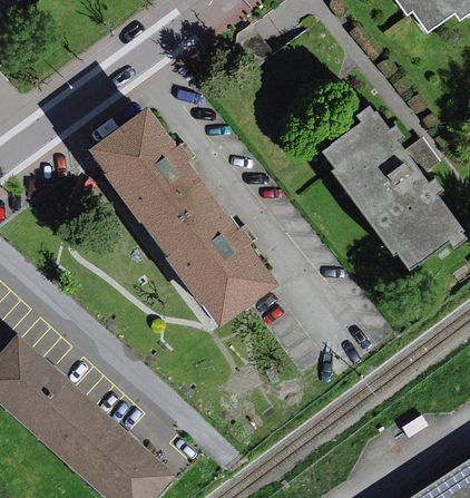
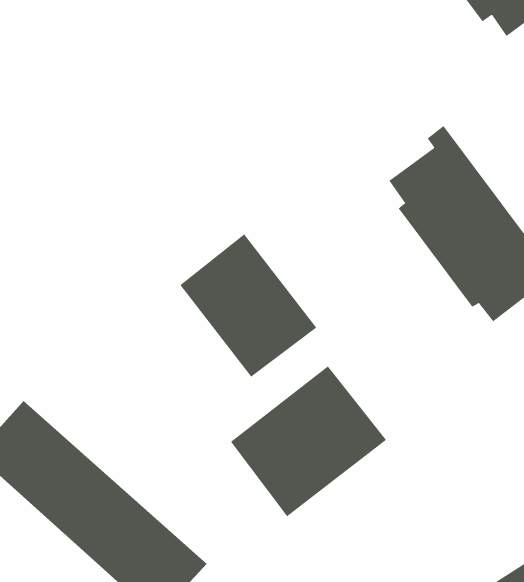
building: [86,113,207,242] -> none
building: none -> [230,365,387,517]

